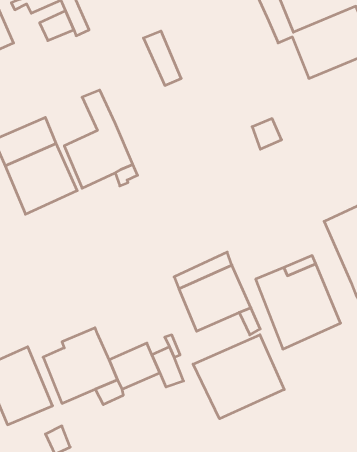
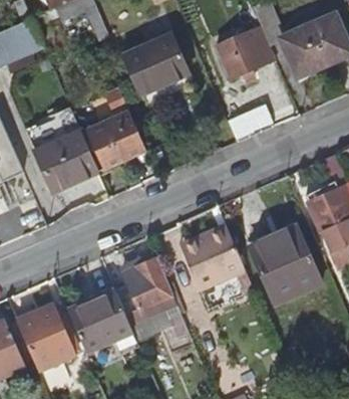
building: none -> [216,26,276,81]
building: none -> [123,41,172,95]
building: none -> [115,259,169,315]
building: [193,335,284,419] -> none

